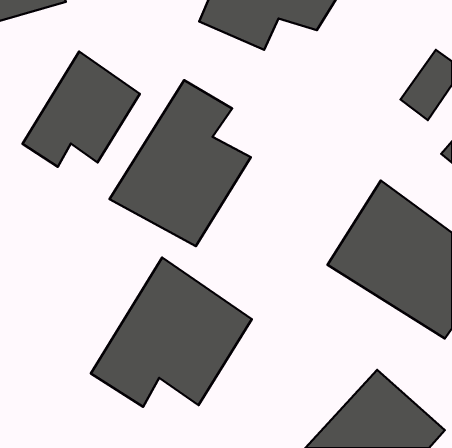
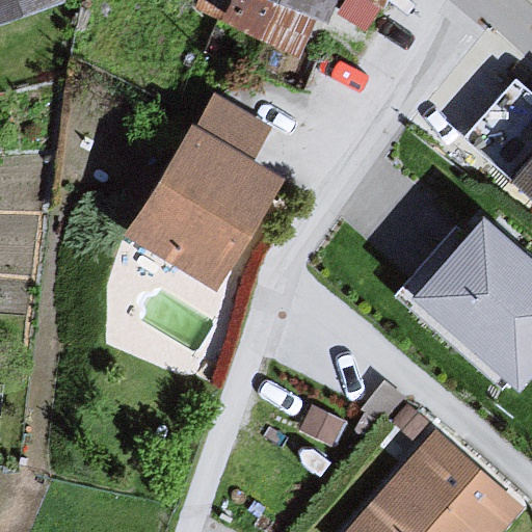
building: [22,51,140,167] -> none
building: [91,257,252,407] -> none

